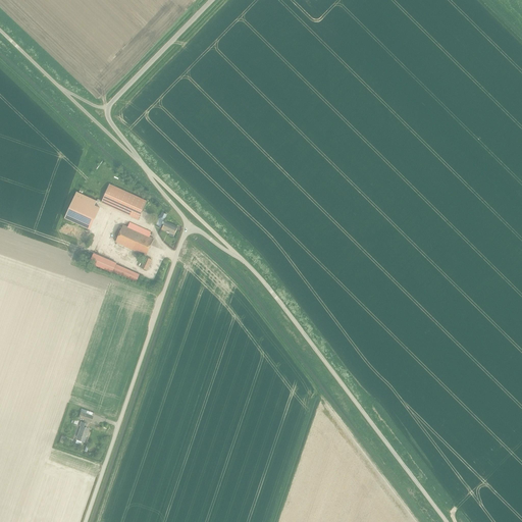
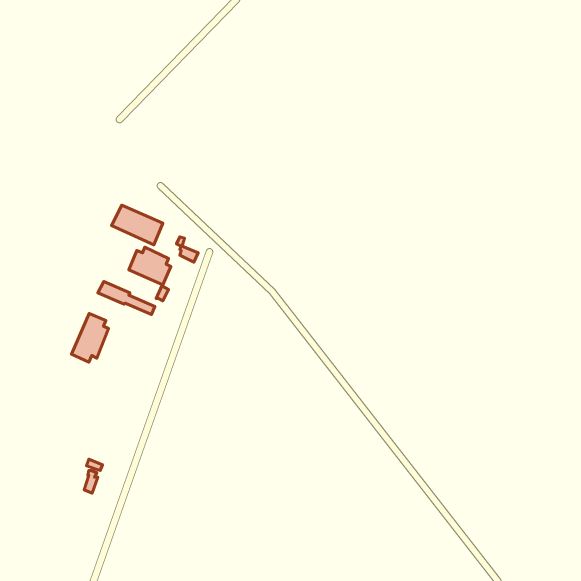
building: [64,191,100,229] -> none
building: none -> [71,313,109,362]

